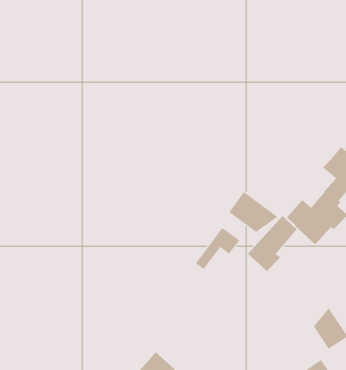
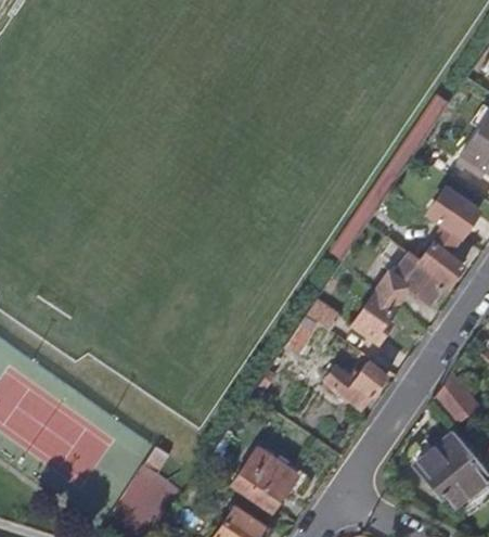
building: [229,191,278,233] -> none
building: none -> [325,361,388,408]

